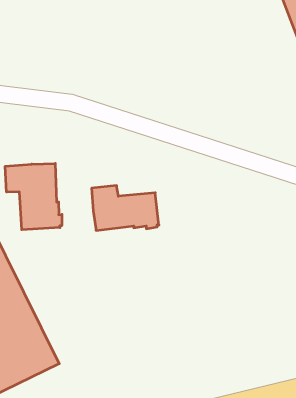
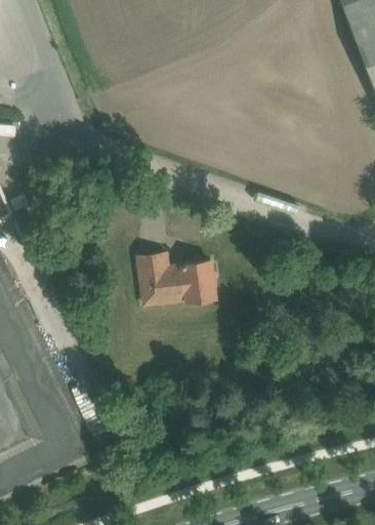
building: [5,163,62,230] -> none

